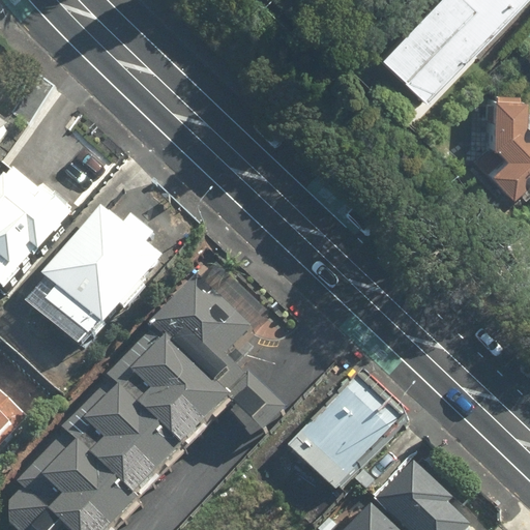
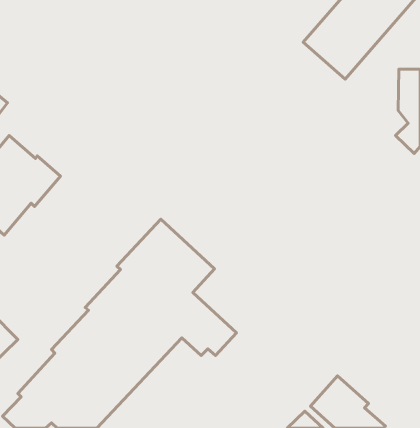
building: [23,207,161,347] -> none
building: [290,380,393,483] -> none

